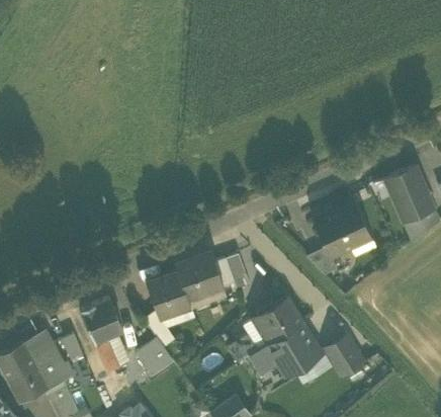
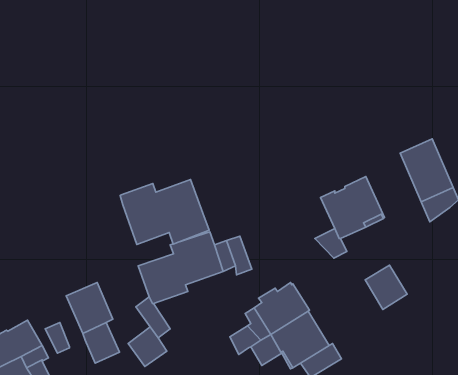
building: none -> [120,180,209,245]
building: [326,336,364,377] -> [365,265,407,310]

